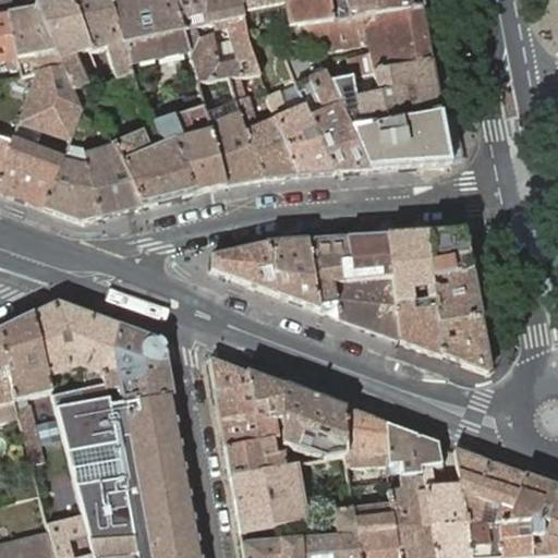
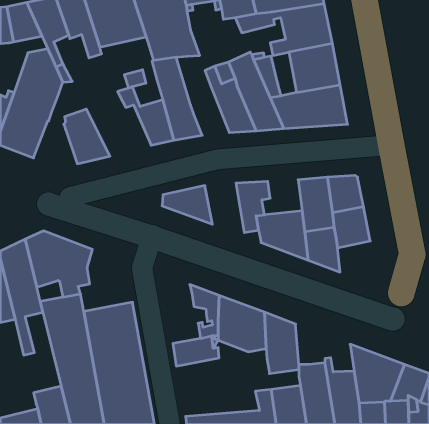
building: [235,93,298,175] -> none
building: [112,123,196,203] -> none
building: [44,144,100,218] -> none
building: [340,233,392,279] -> none
building: [266,238,318,307] -> none
building: [438,313,490,369] -> none
building: [101,324,172,404] -> none
building: [208,356,276,446] -> none
building: [384,421,441,473] -> none
building: [229,462,305,531] -> none

